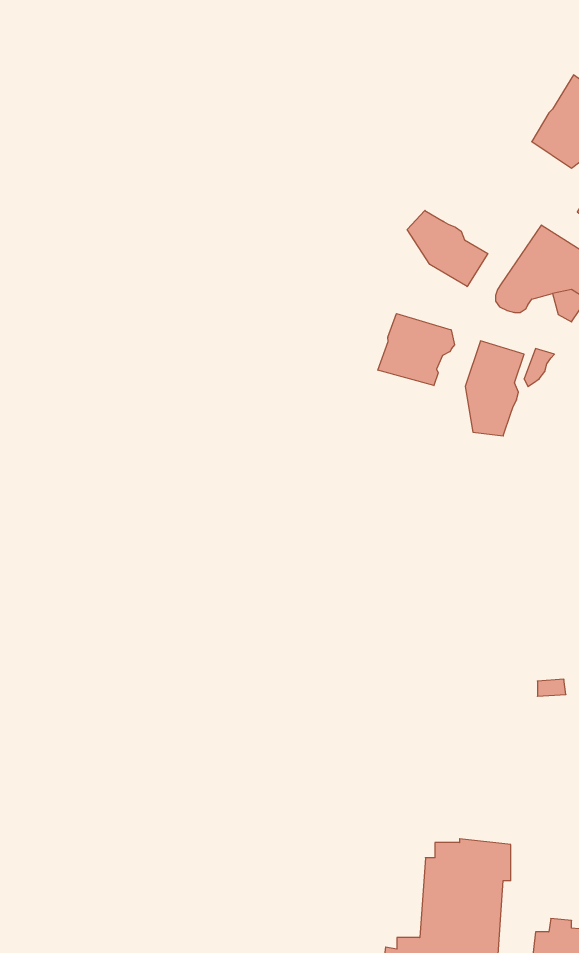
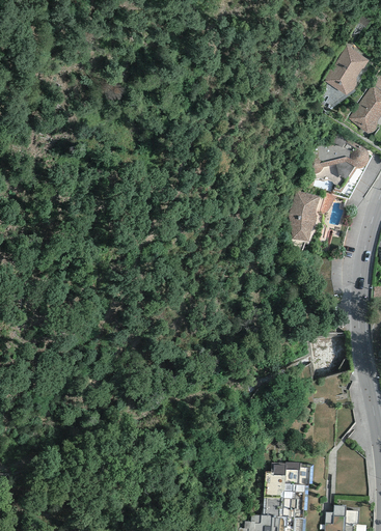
building: [407,210,488,287] -> none
building: [378,314,455,386] -> none

